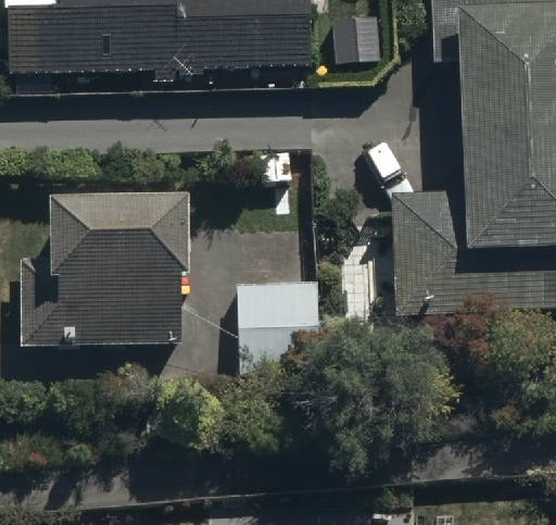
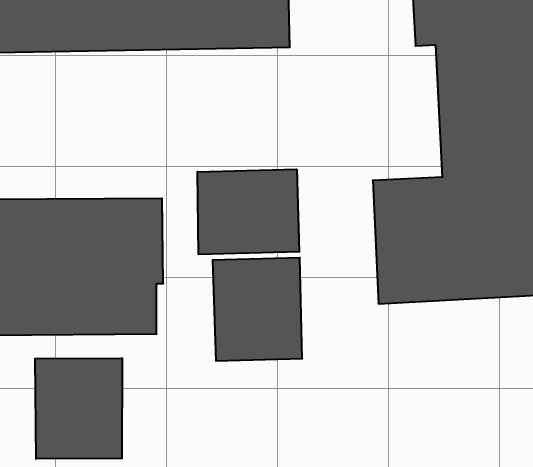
building: none -> [197,169,299,254]
building: none -> [35,358,122,459]

